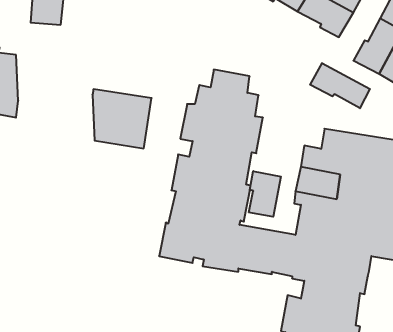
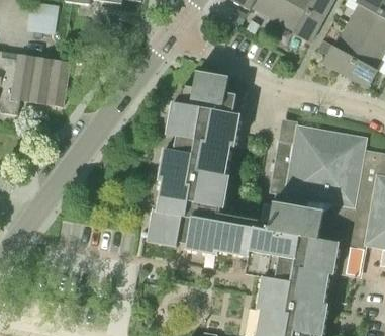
building: [310,63,370,108] -> none
building: [92,89,152,148] -> [17,54,71,107]
building: [249,171,281,217] -> none

